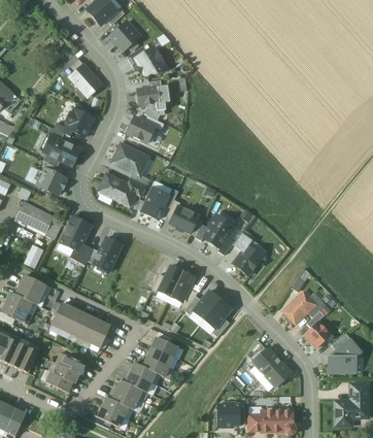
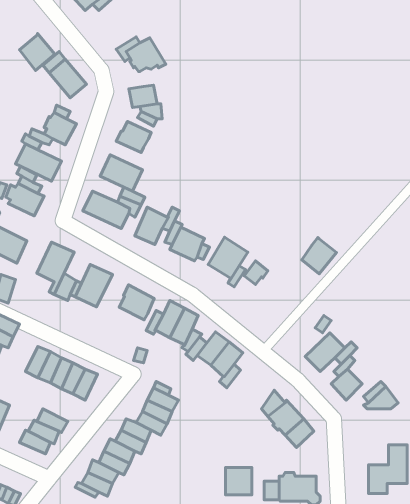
building: [109,22,139,50] -> none
building: none -> [19,34,55,70]
building: [233,245,262,275] -> [302,238,337,274]
building: none -> [119,285,154,320]
building: [325,353,354,373] -> none

